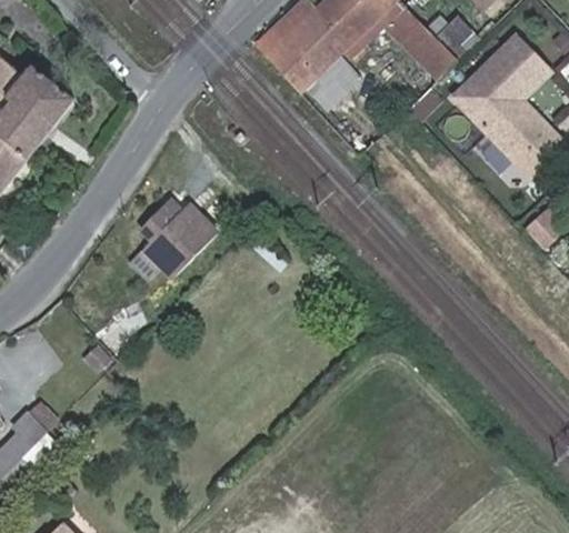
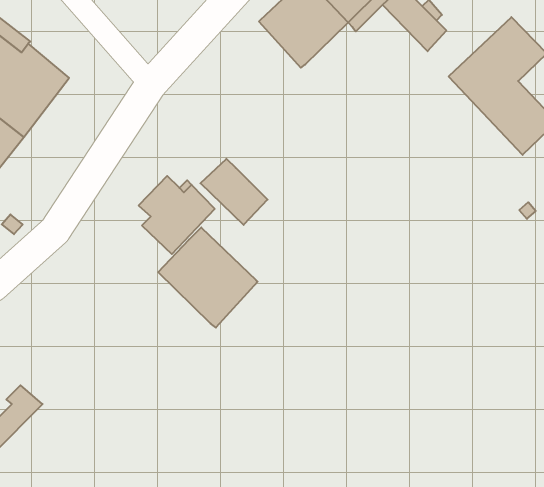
building: none -> [200,159,268,225]
building: none -> [158,227,258,328]

